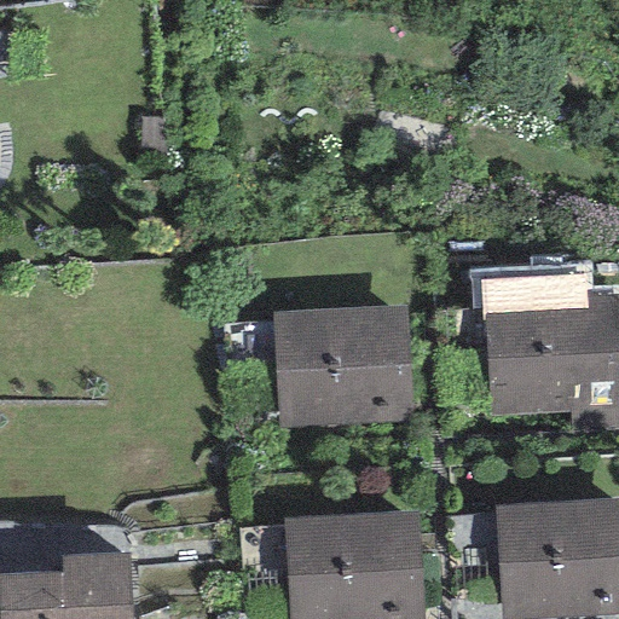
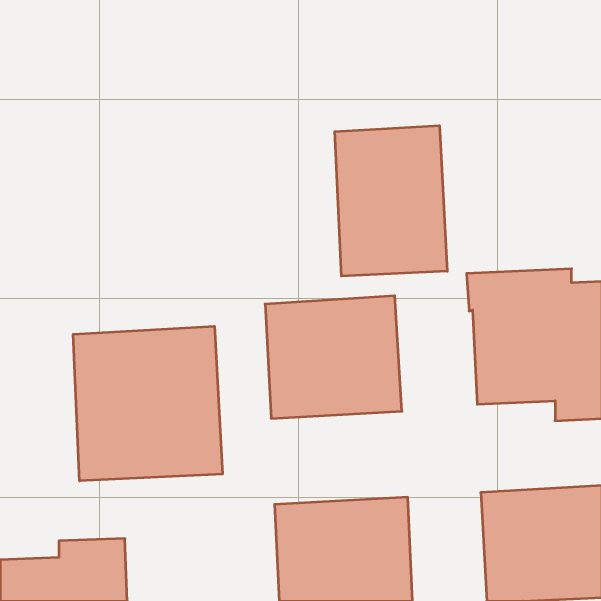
building: none -> [335,126,447,276]
building: none -> [73,326,222,481]

